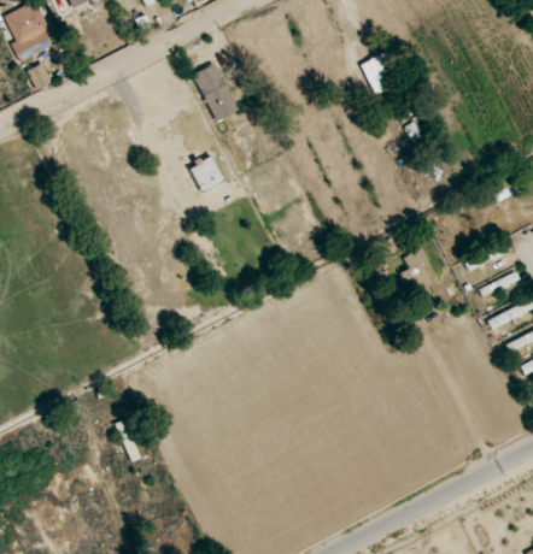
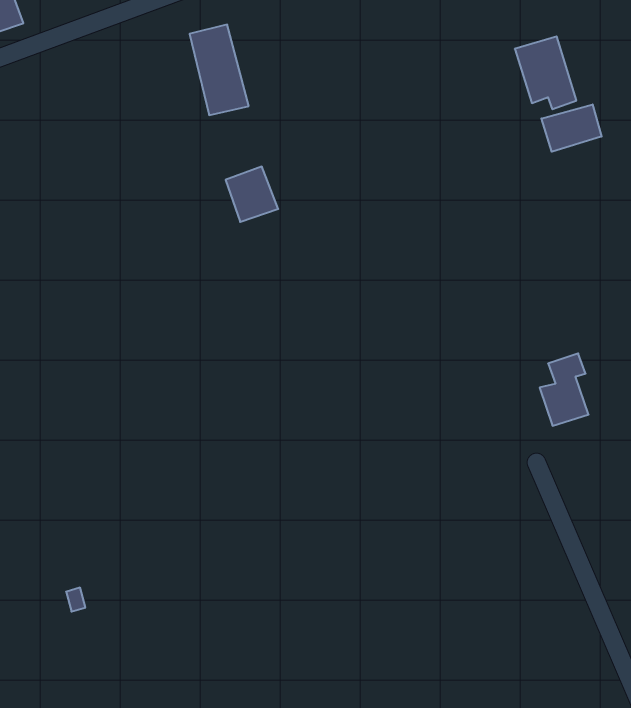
building: [194,63,236,120] -> [190,25,249,115]
building: none -> [541,104,602,152]

